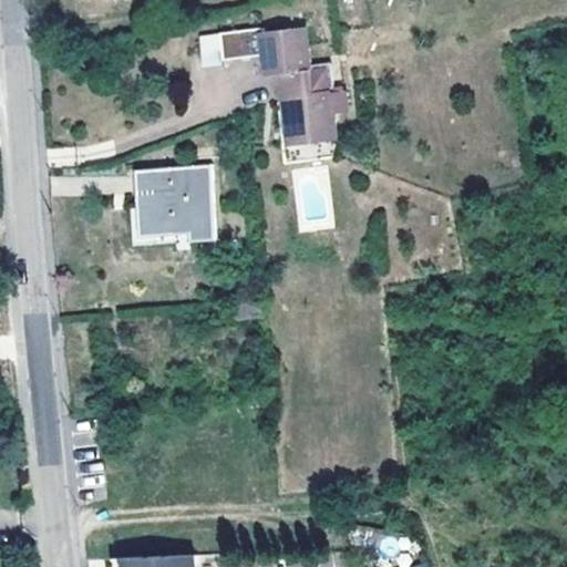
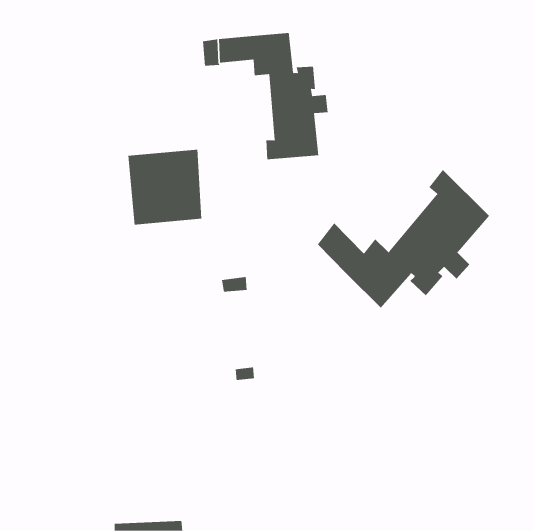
building: none -> [317,169,490,308]

